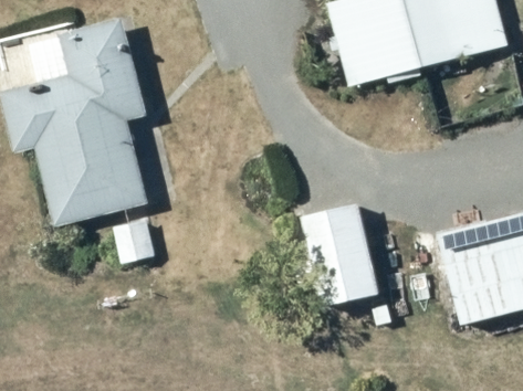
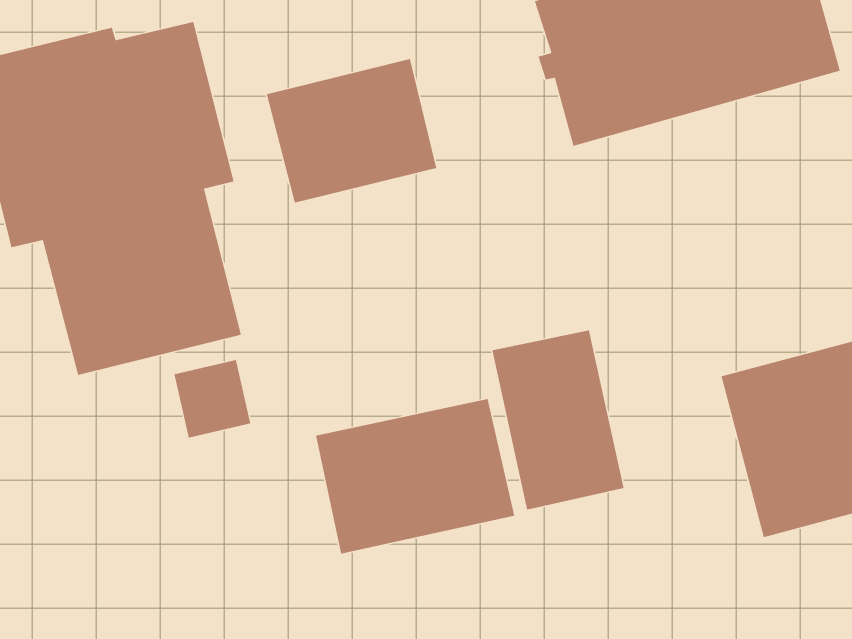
building: none -> [266,58,437,203]
building: none -> [315,398,515,554]

